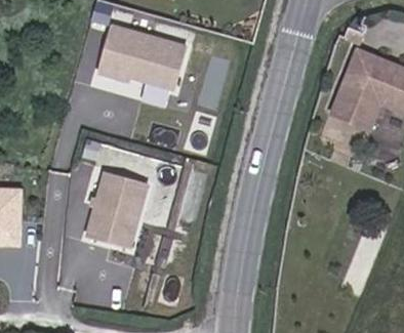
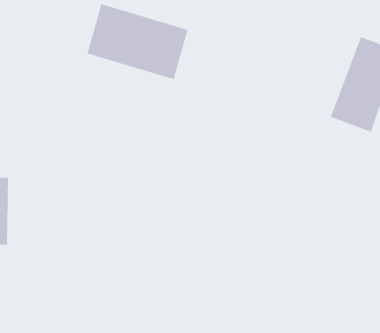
building: [84,168,151,250] -> none

